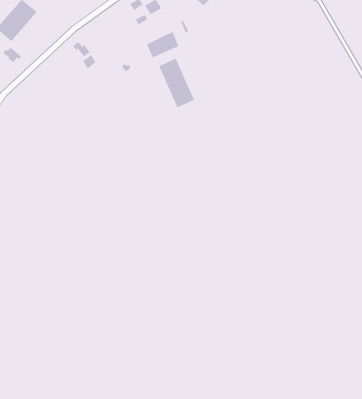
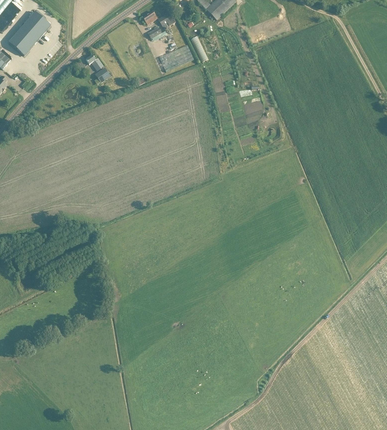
building: [158,58,195,108] -> none

